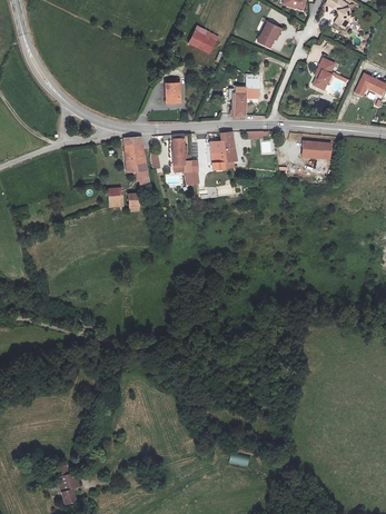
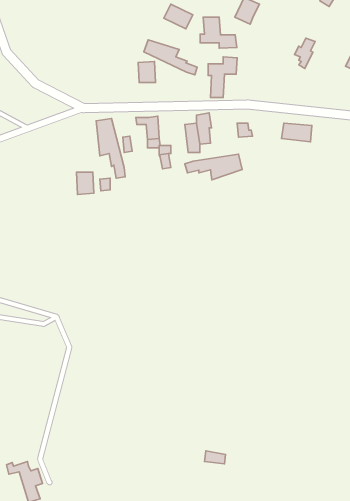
building: none -> [200,17,237,48]
building: none -> [144,40,197,75]
building: none -> [185,154,242,180]

